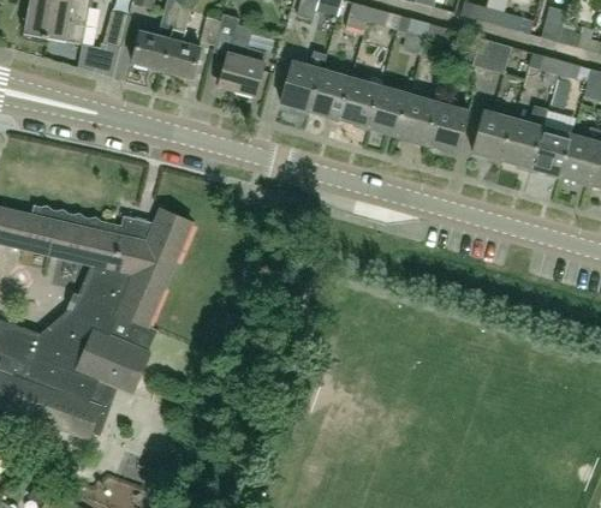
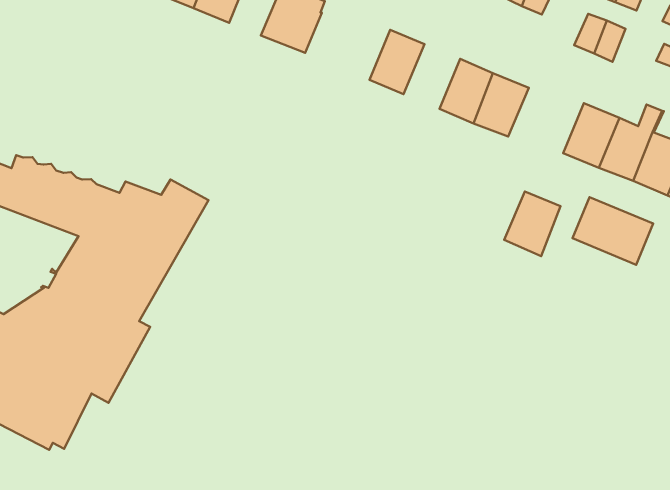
building: [281,60,322,110] -> none
building: [339,74,382,127] -> none
building: [427,102,469,153] -> [504,191,561,256]
building: none -> [573,197,653,265]

